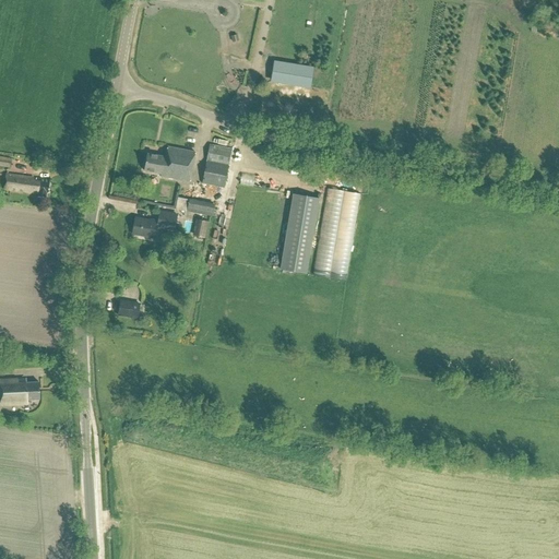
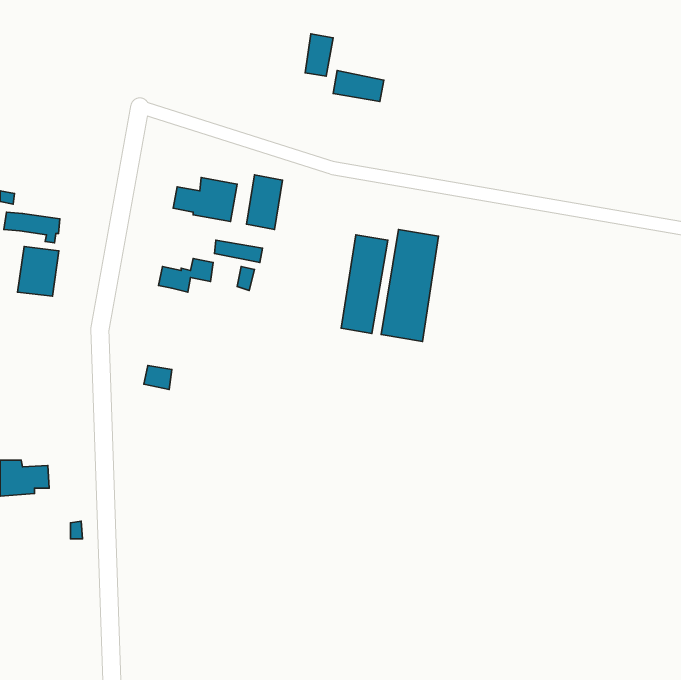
building: none -> [305,34,333,76]
building: none -> [18,247,59,296]

